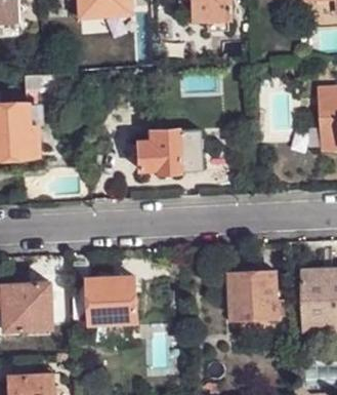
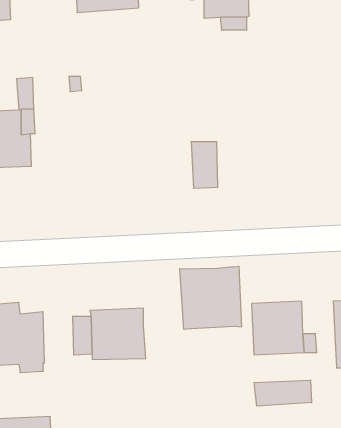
building: [137,129,180,172] -> none
building: none -> [180,266,241,329]
building: none -> [254,380,312,406]

